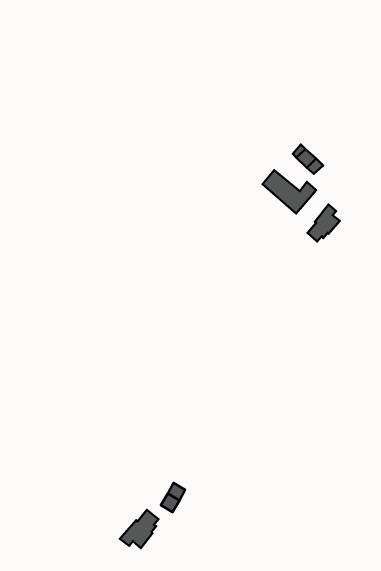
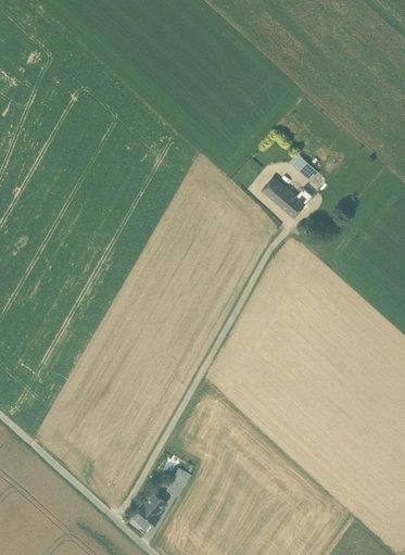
building: [307,204,340,241] -> none

